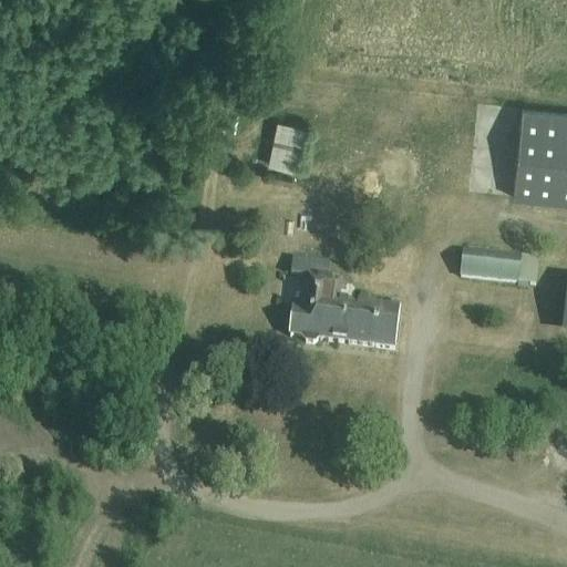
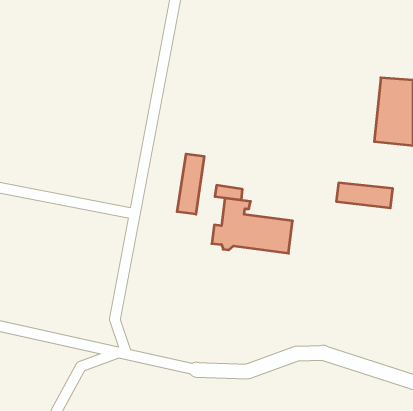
building: [268,118,302,166] -> none
building: none -> [177,154,204,214]

